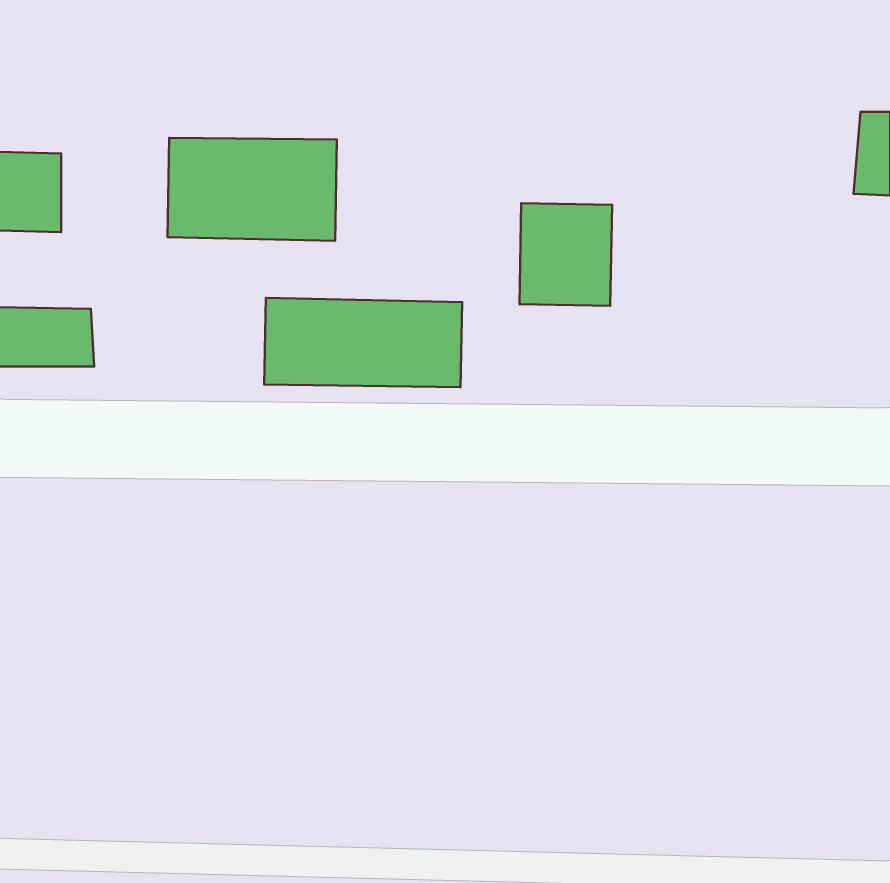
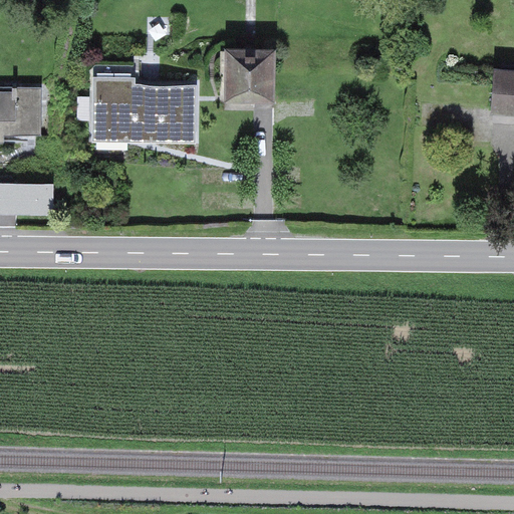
building: [520,203,612,306] -> [224,46,277,105]
building: [264,298,462,387] -> none

